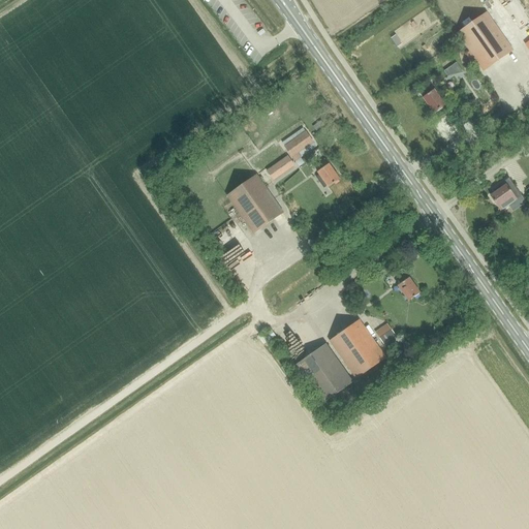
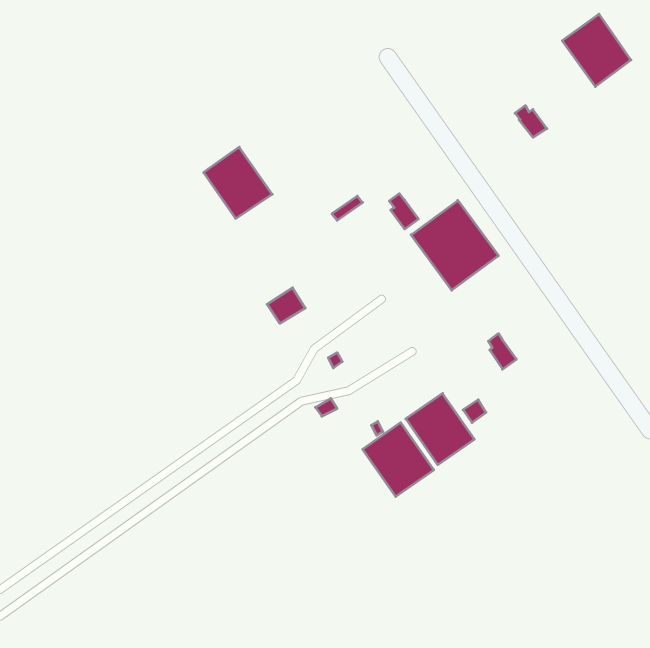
building: [284,129,313,159] -> none
building: none -> [411,200,498,290]
building: [227,174,283,231] -> [204,147,272,218]
building: [490,177,521,209] -> none

